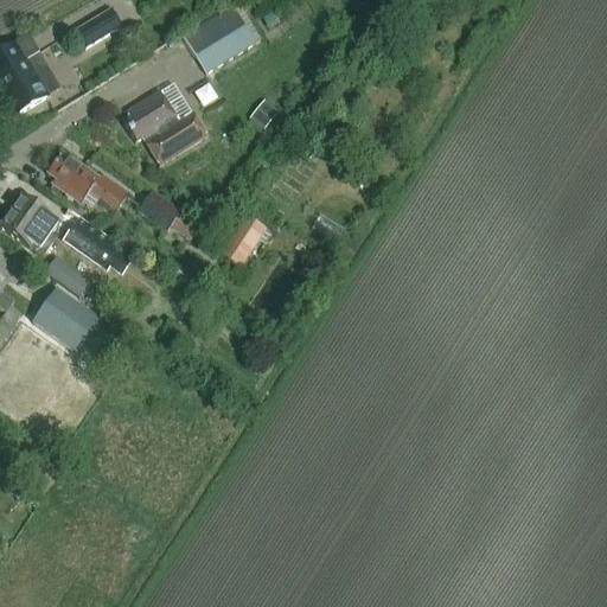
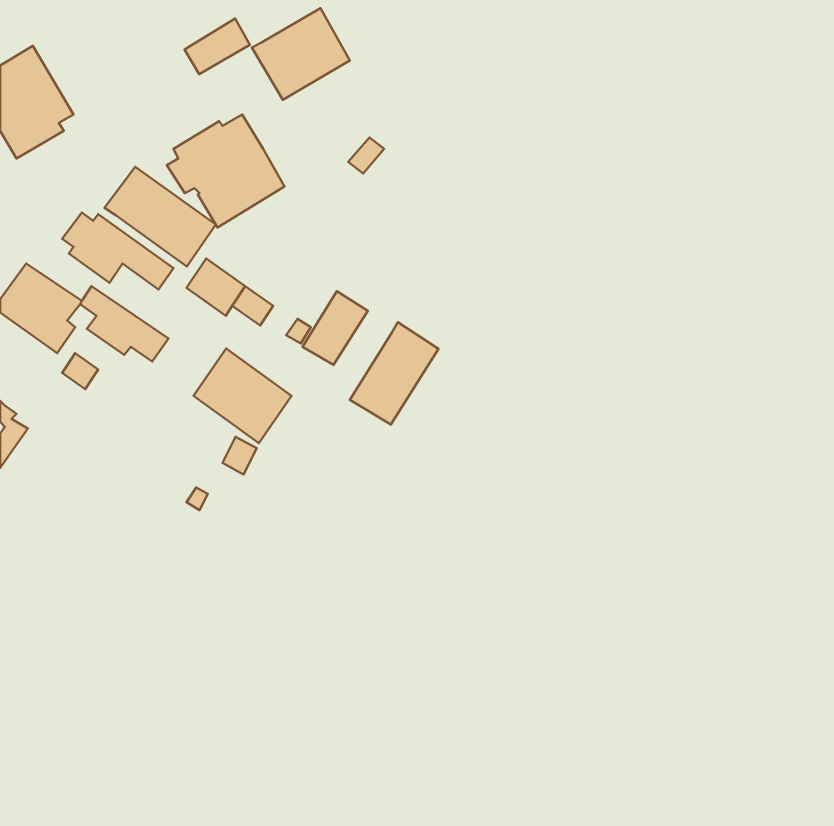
building: [74,6,121,46] -> [184,19,250,74]
building: none -> [104,167,216,266]
building: none -> [350,322,438,425]
building: [33,286,104,354] -> [193,348,292,443]

